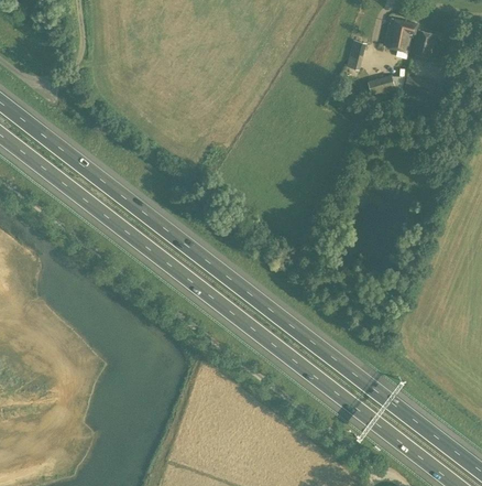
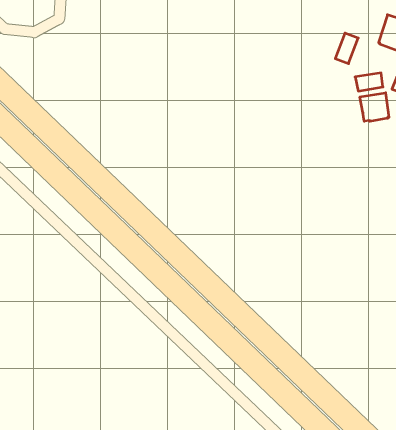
building: none -> [360,93,389,121]

